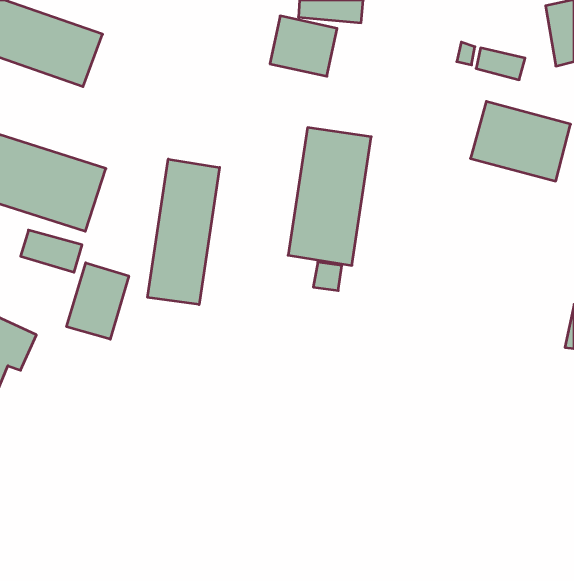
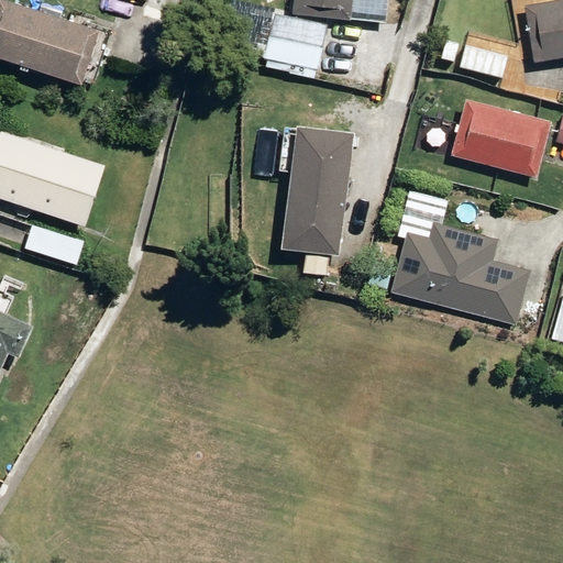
building: [148,159,220,305] -> none
building: none -> [389,223,530,327]
building: [67,263,129,339] -> none

